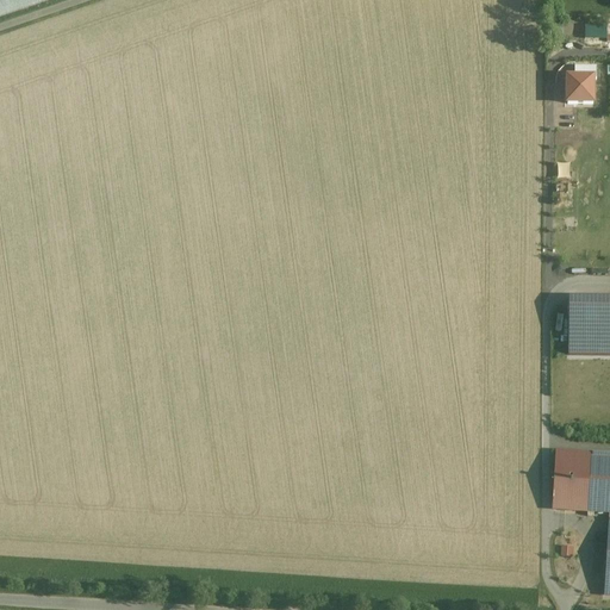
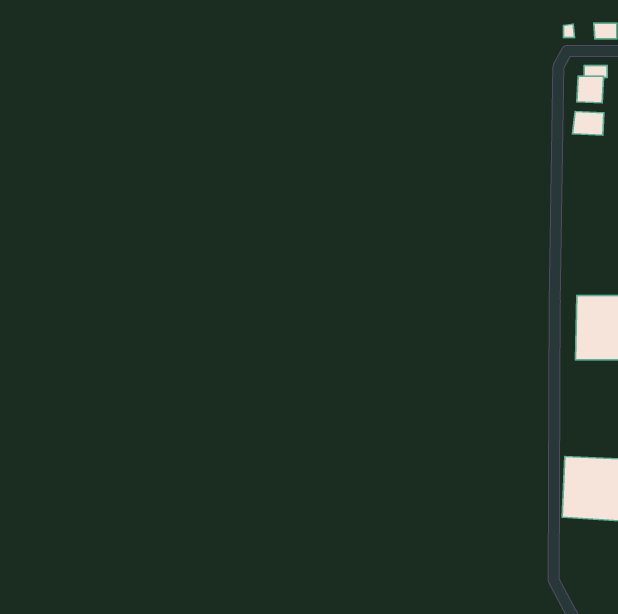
building: none -> [573,111,604,135]

